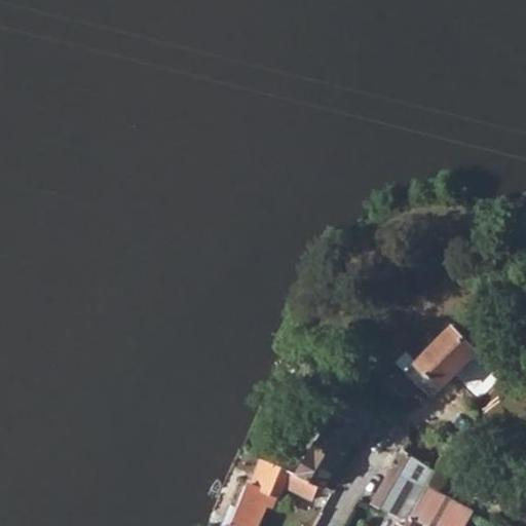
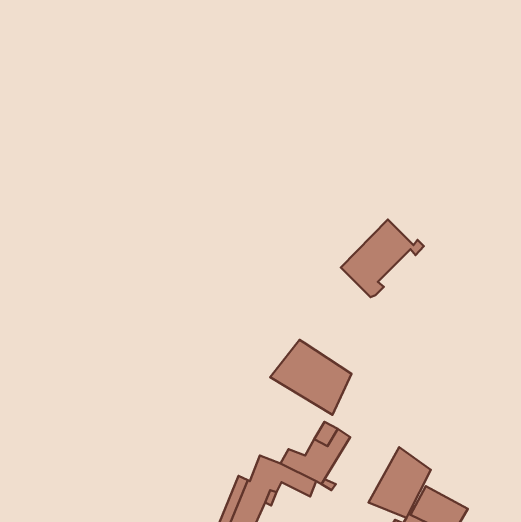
building: [403,326,486,404] -> [341,219,424,297]
building: none -> [270,340,352,415]

